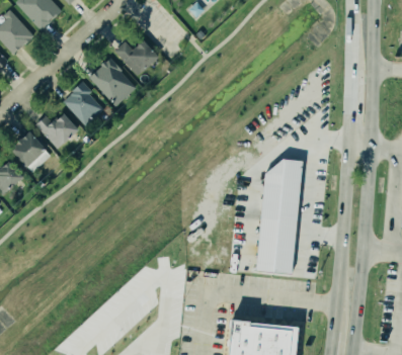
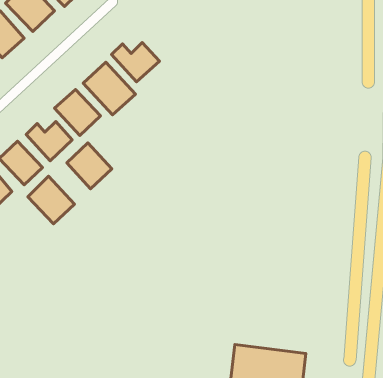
building: none -> [67,143,112,189]
building: [254,153,300,269] -> none
building: none -> [28,176,74,224]

